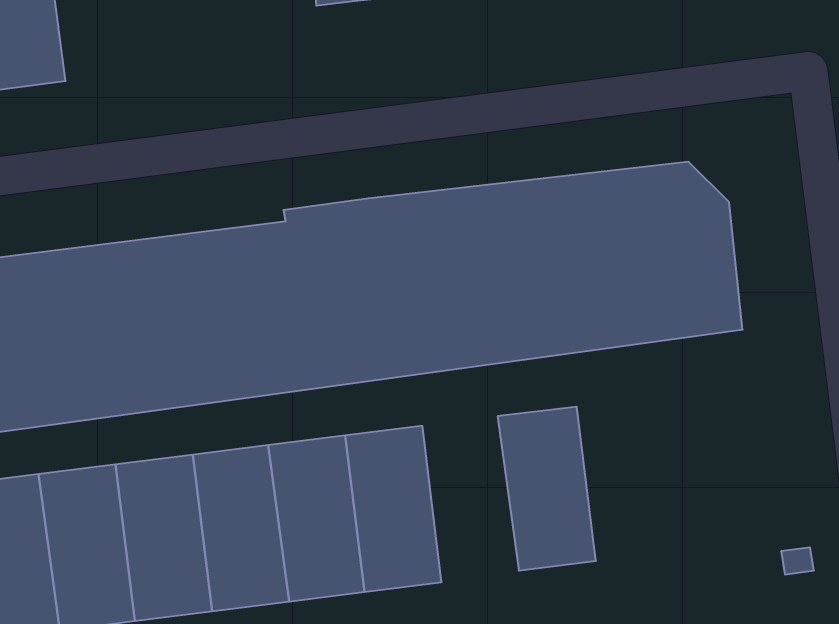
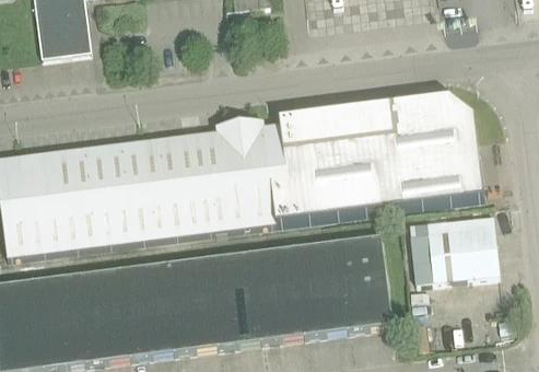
building: none -> [409,213,500,282]
building: none -> [294,241,349,335]

